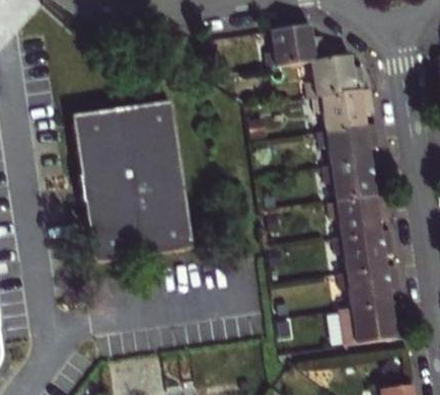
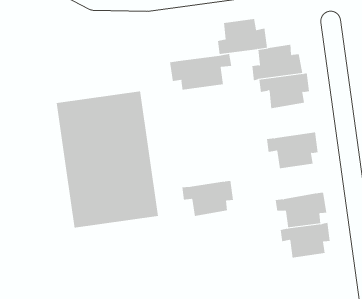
building: none -> [169,53,232,91]
building: [317,122,379,164] -> none
building: [327,193,389,236] -> [181,180,234,216]
building: [340,299,404,342] -> none

